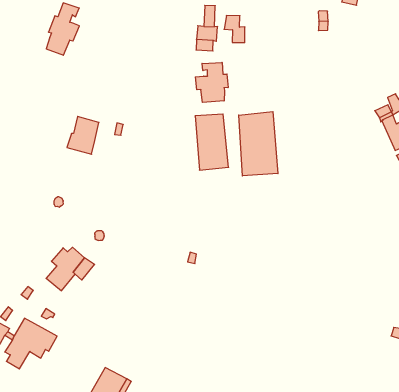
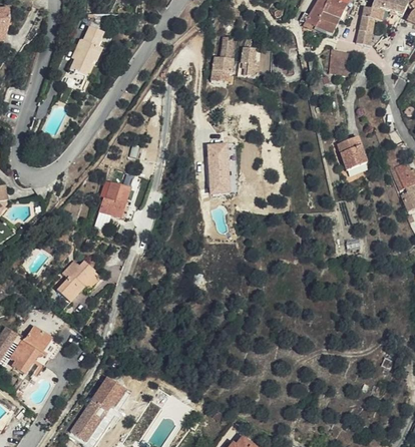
building: [195,62,228,102] -> none
building: none -> [340,137,367,168]
building: [239,112,278,176] -> none
building: [67,116,99,154] -> [97,180,129,217]

